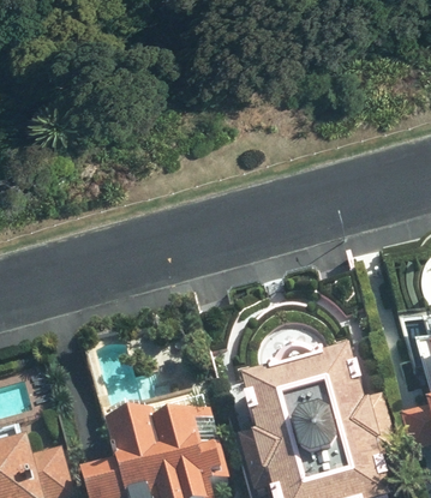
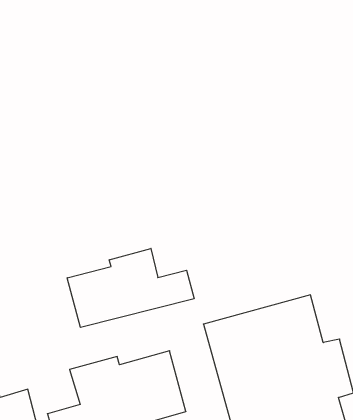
building: none -> [67,248,194,327]

